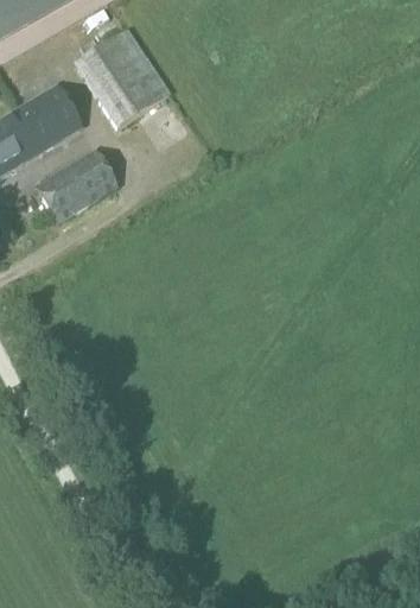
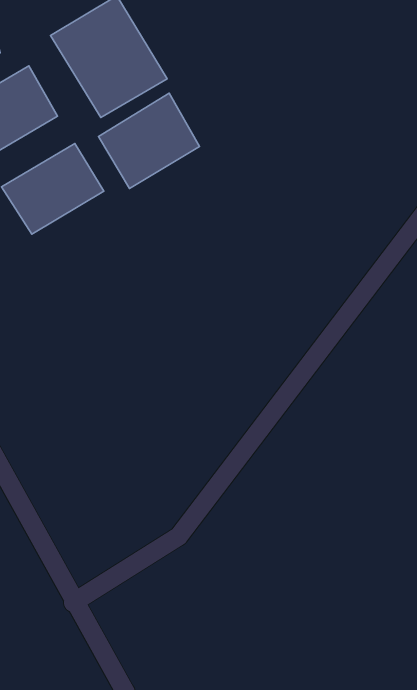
building: none -> [99,93,199,188]

